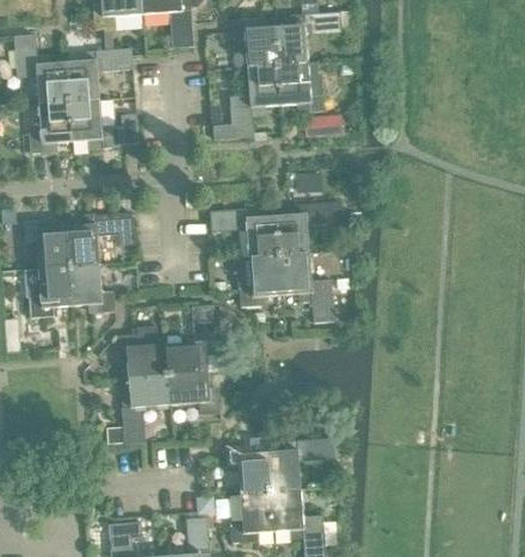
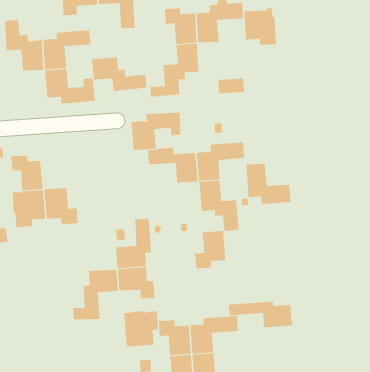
building: [277,62,322,113] -> [244,8,277,45]
building: none -> [91,56,147,92]
building: [27,104,72,154] -> none
building: [63,213,132,266] -> [130,112,181,151]
building: none -> [246,163,291,205]
building: [237,255,282,308] -> [194,231,226,269]
building: [116,326,167,377] -> none
building: none -> [228,301,293,328]
building: none -> [123,310,159,348]

